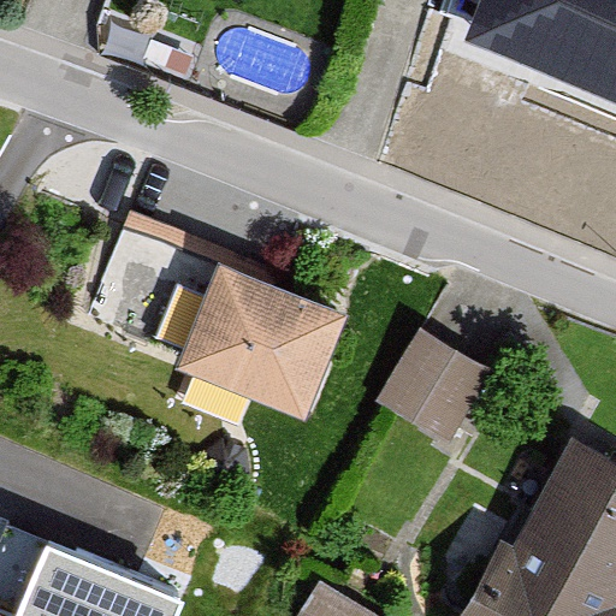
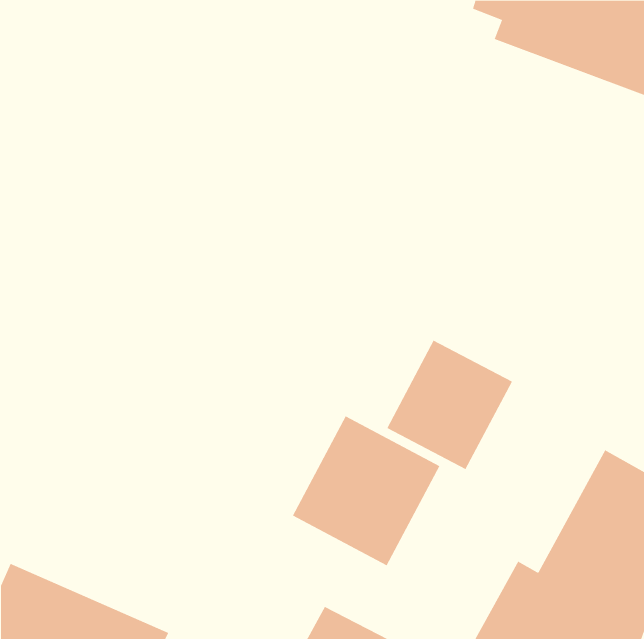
building: [93,214,353,407] -> none
building: none -> [292,415,440,566]

